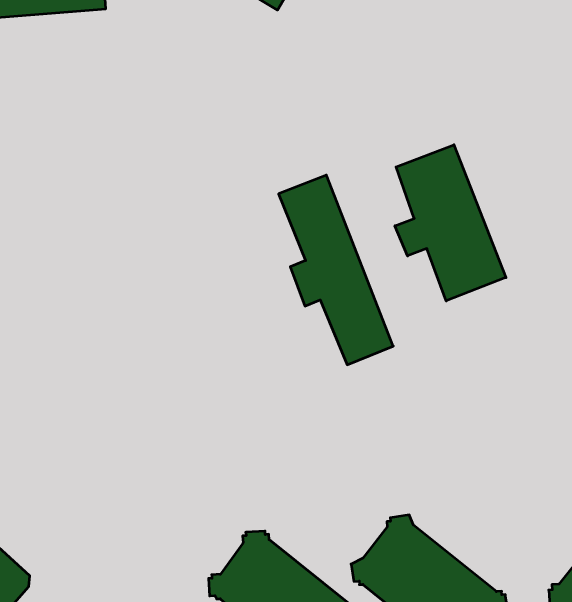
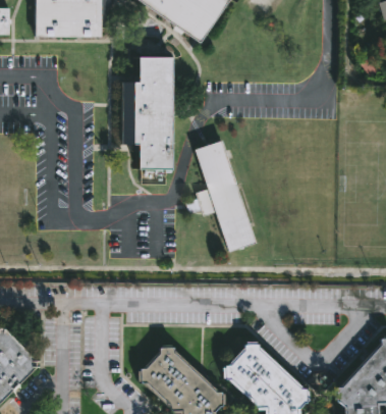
building: none -> [123,56,171,169]
building: [395,145,506,301] -> none

